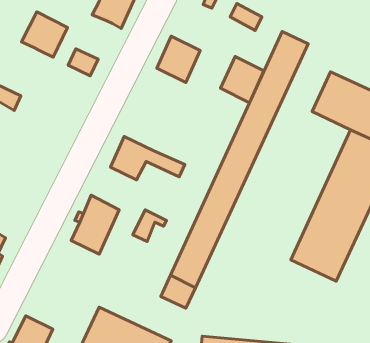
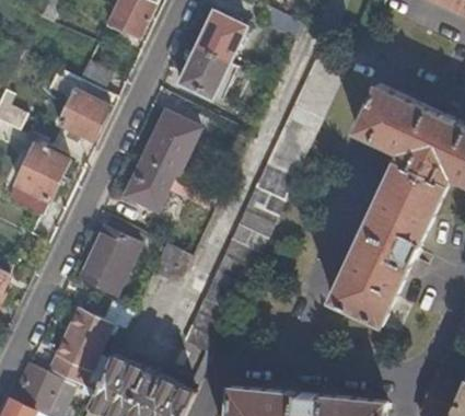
building: [21,12,68,57] -> [56,90,108,141]
building: [221,56,264,103] -> [195,11,244,63]
building: none -> [141,113,198,177]
building: none -> [8,146,68,217]
building: none -> [47,310,111,388]

